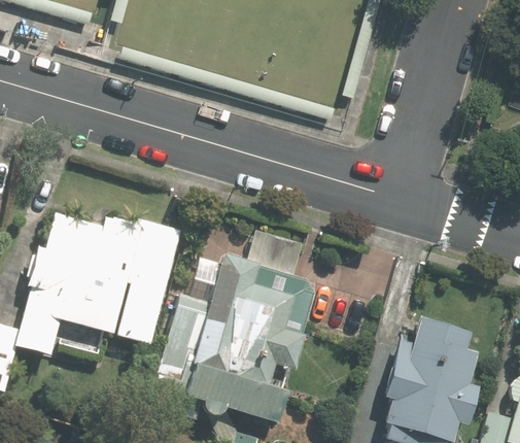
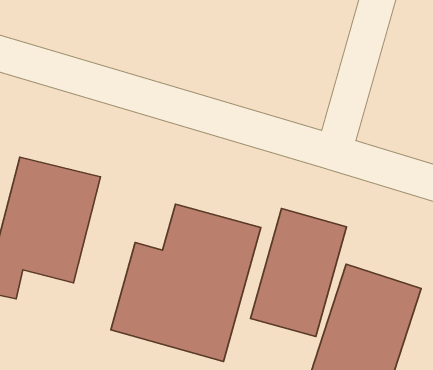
building: [112,220,178,345] -> none
building: none -> [251,208,347,337]

